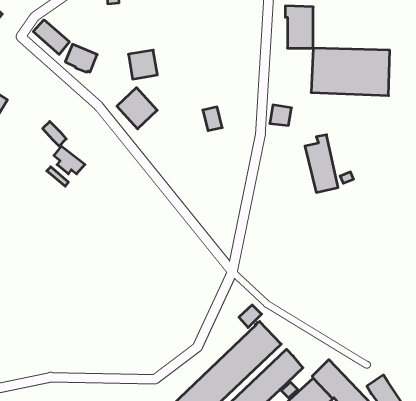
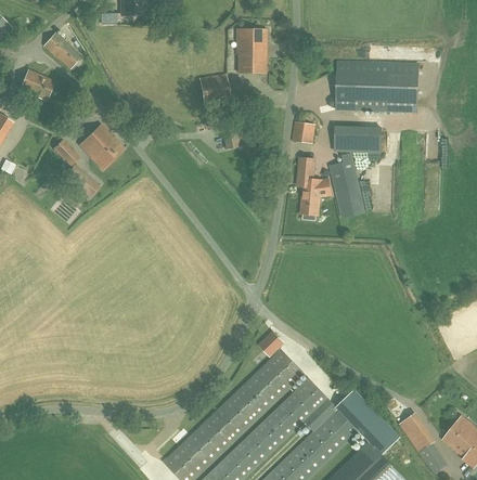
building: [285,6,313,48] -> [236,27,266,72]
building: [65,44,97,72] -> [21,68,54,98]
building: [128,50,157,79] -> [199,73,230,103]
building: [117,88,157,129] -> [80,124,123,167]
building: none -> [334,126,381,151]
building: none -> [296,156,330,219]

